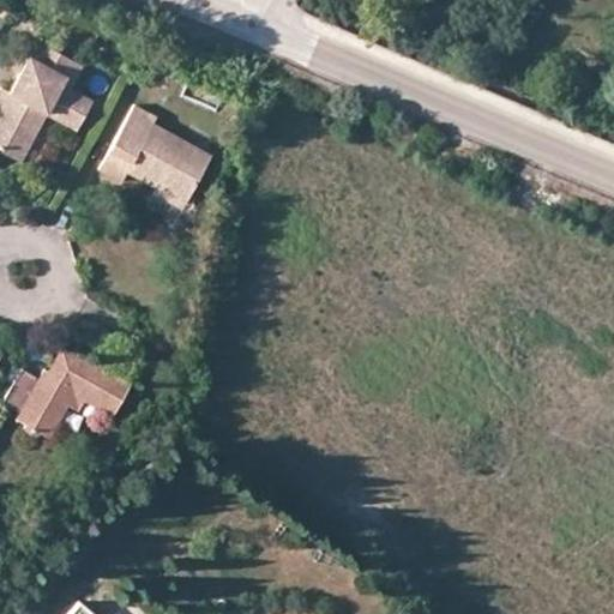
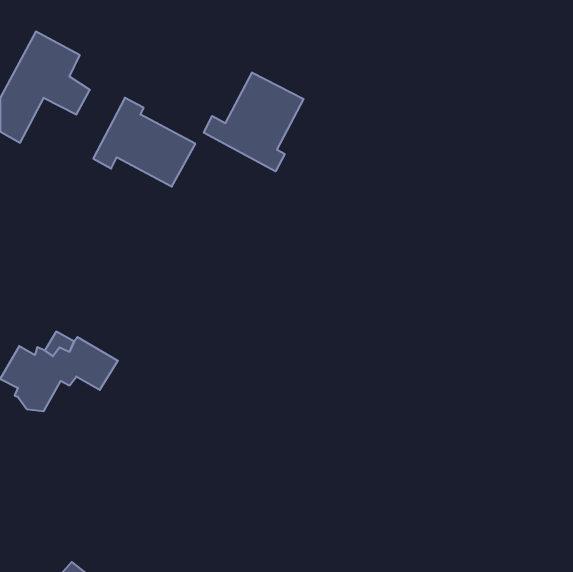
building: none -> [204,72,304,171]

